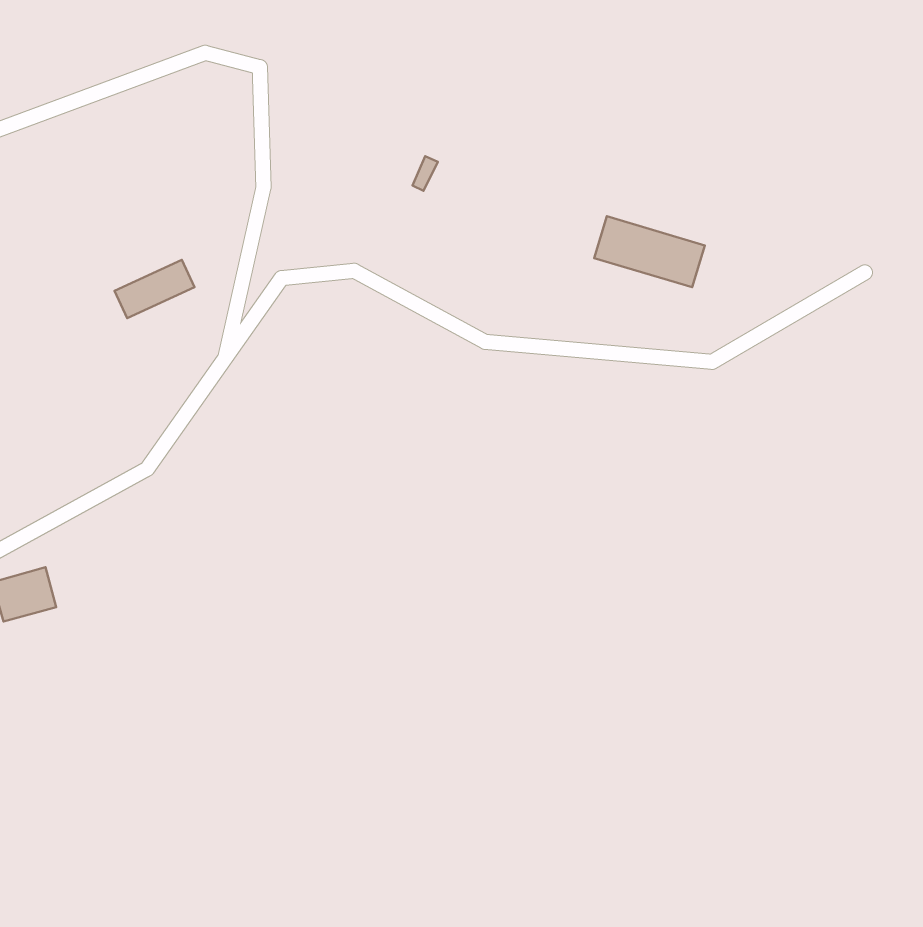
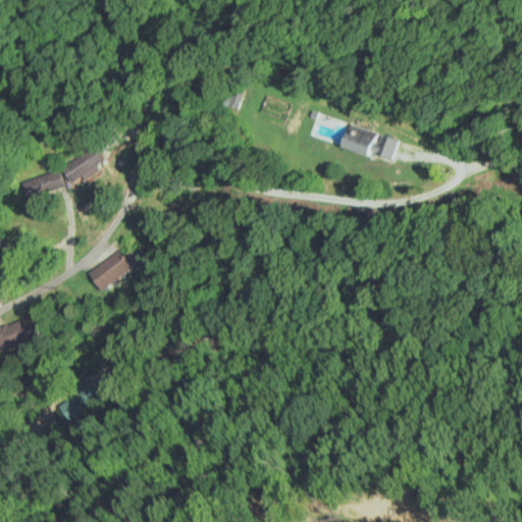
building: none -> [20,167,64,200]
building: none -> [86,250,136,293]

